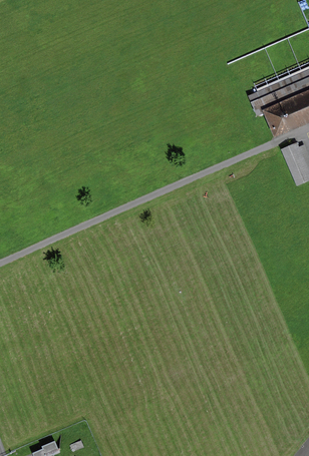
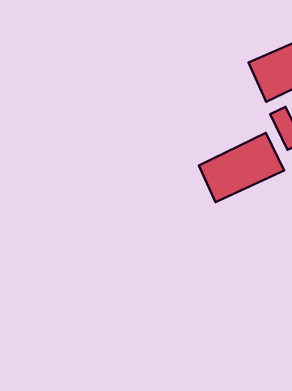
building: none -> [199,133,284,202]

